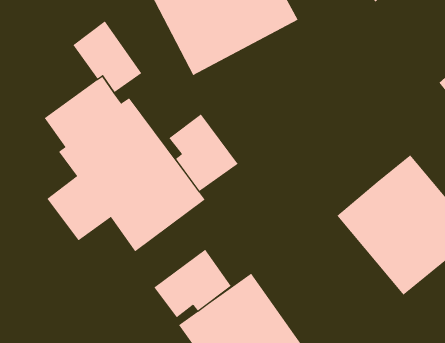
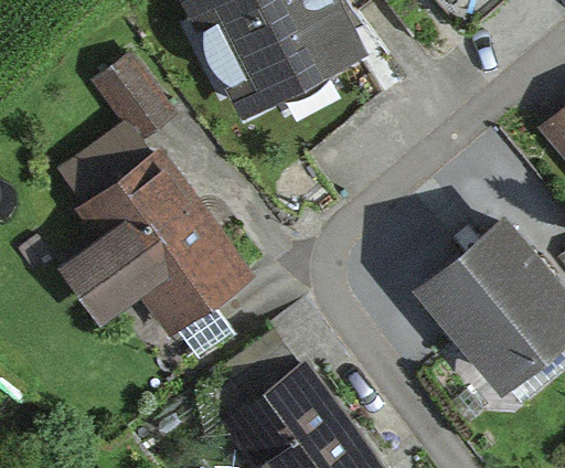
building: [169,114,239,192] -> none
building: [154,249,232,318] -> none

